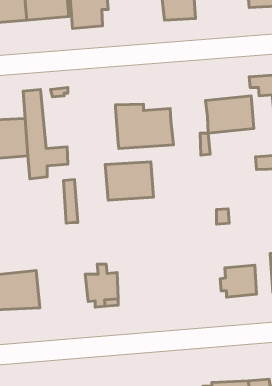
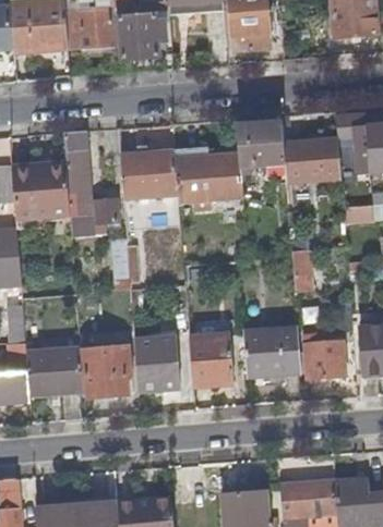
building: none -> [238,122,285,168]
building: [105,162,154,200] -> [120,152,178,198]
building: none -> [243,328,301,377]
building: none -> [189,336,232,388]
building: none -> [84,348,131,396]

